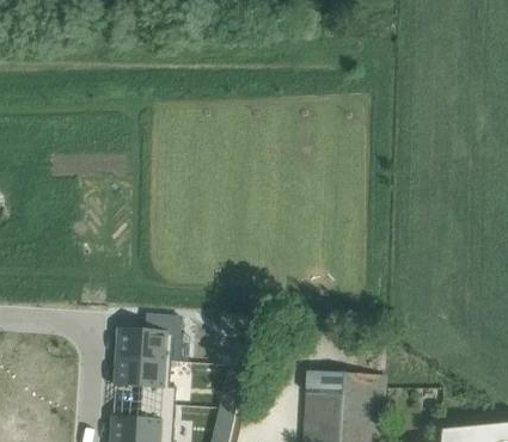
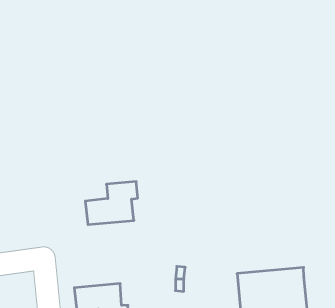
building: [116,313,179,360] -> [85,182,138,225]

